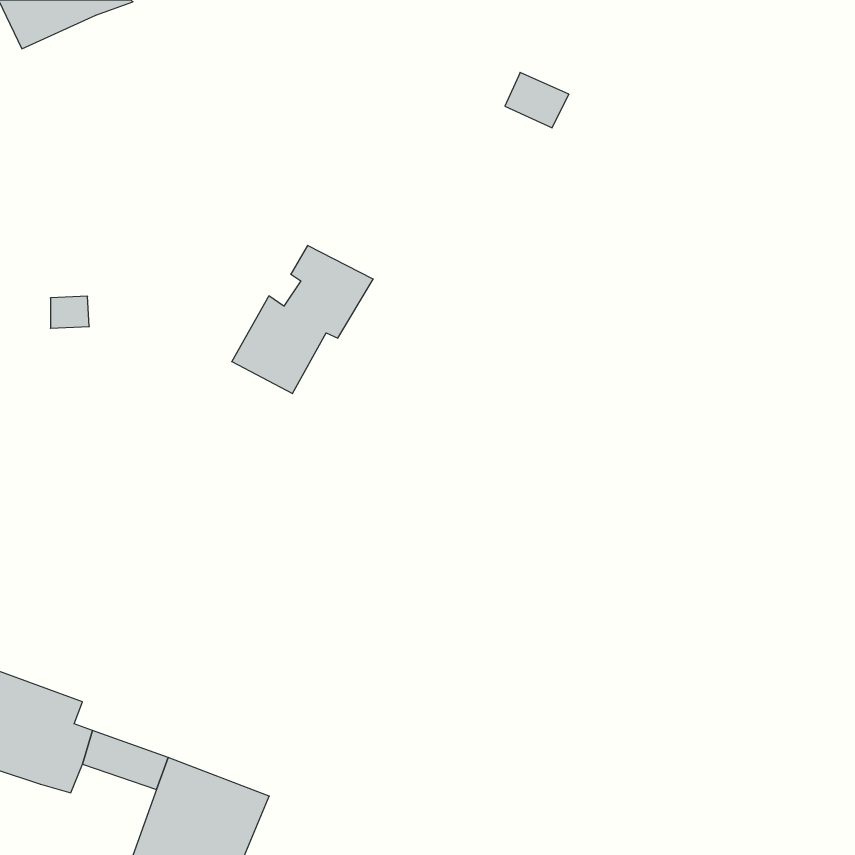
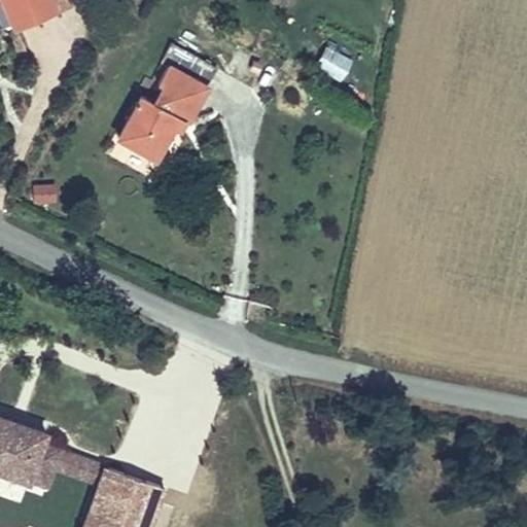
building: [232,245,373,394] -> [124,66,210,156]

